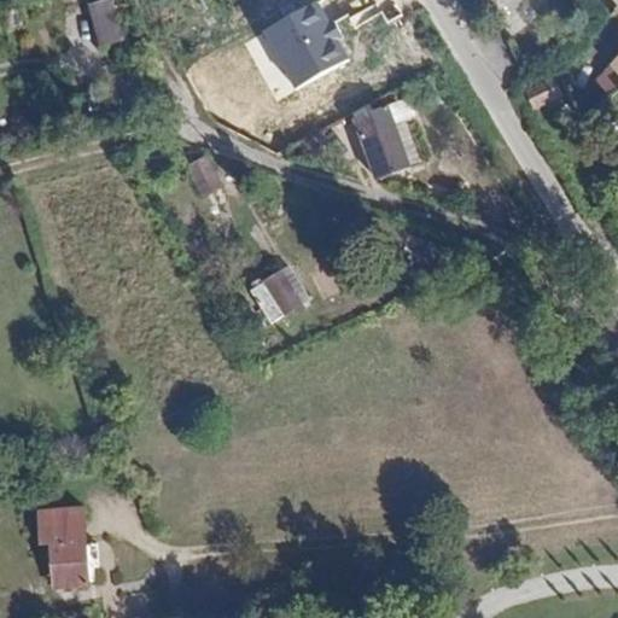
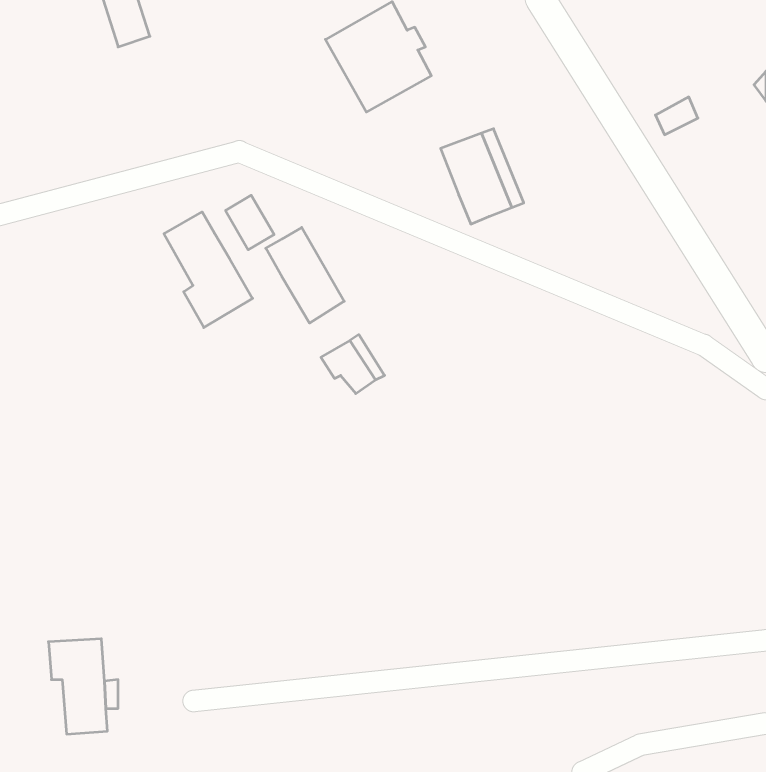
building: none -> [164,212,253,328]
building: none -> [266,227,344,323]

